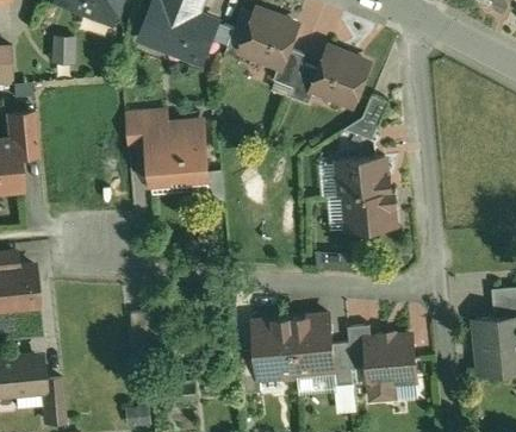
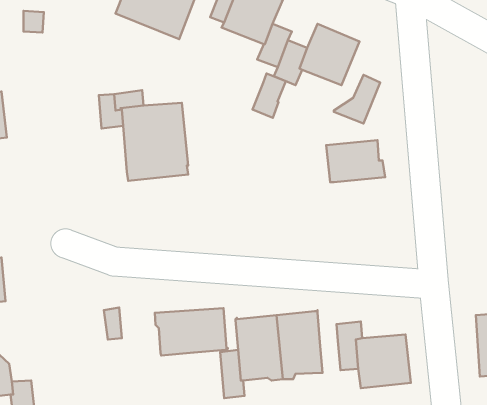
building: none -> [252,74,286,118]
building: [344,190,397,231] -> none
building: none -> [155,308,228,355]
building: [331,343,353,387] -> none

